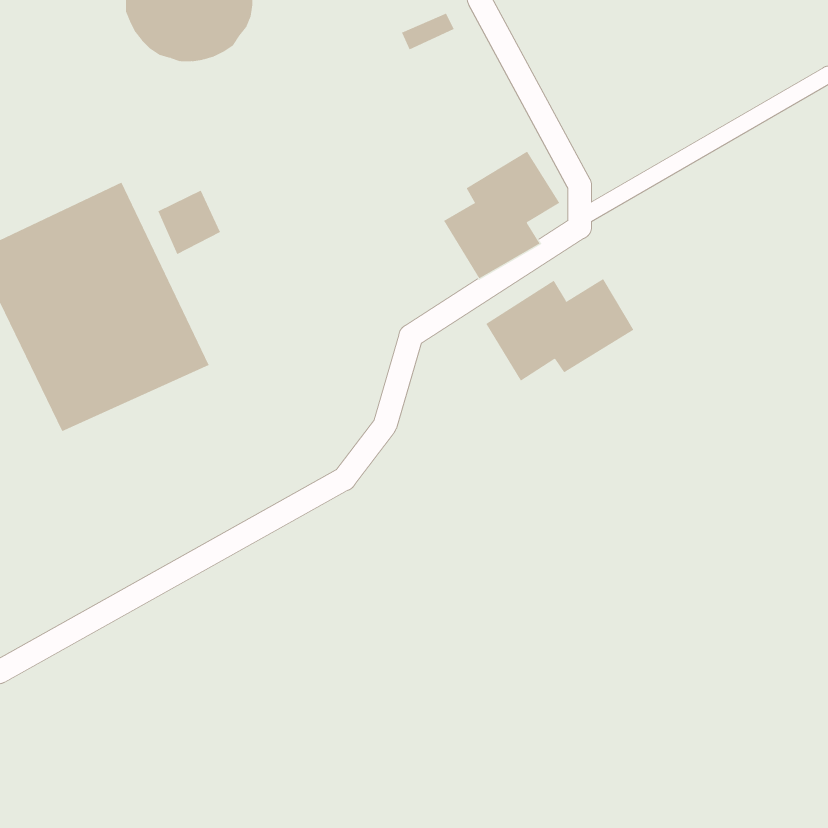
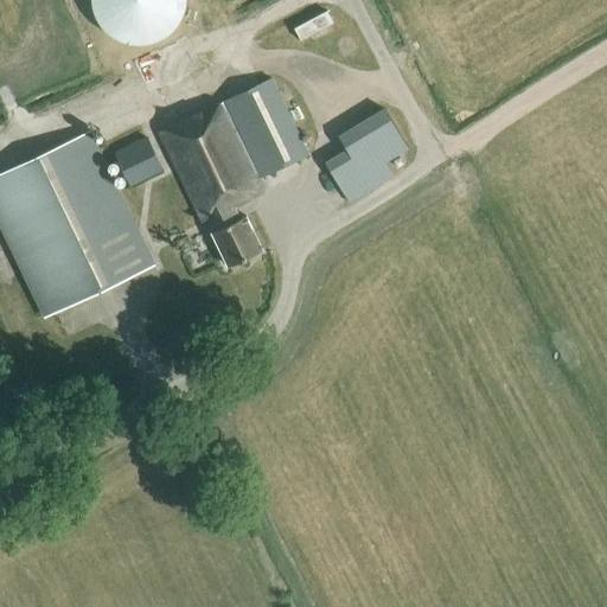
building: none -> [159,79,307,268]
building: [485,278,634,381] -> none

